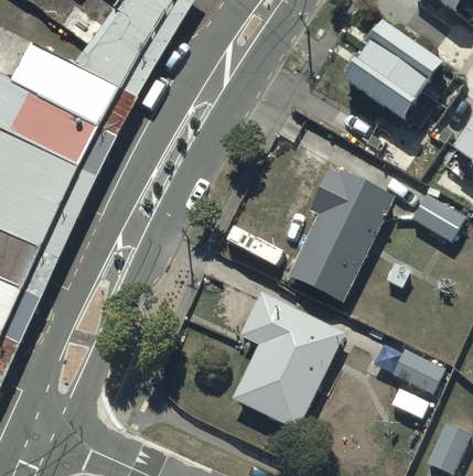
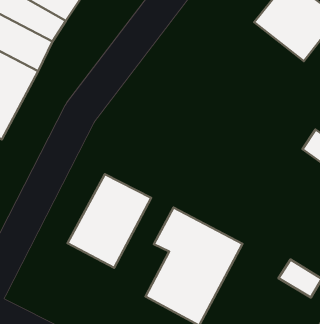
building: [287,175,393,310] -> none
building: none -> [67,174,151,268]

